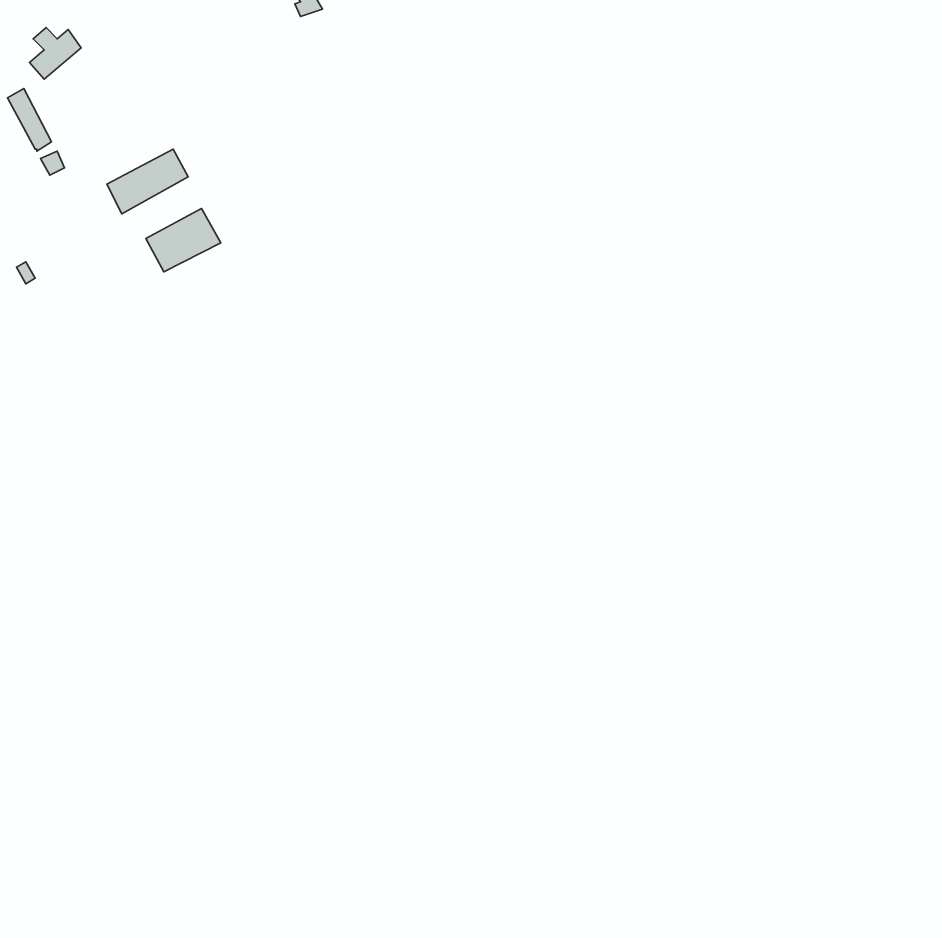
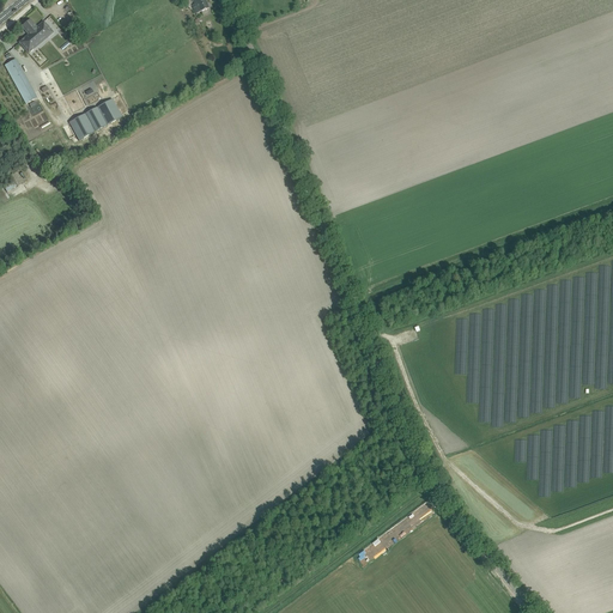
building: [146,208,221,272] -> none

